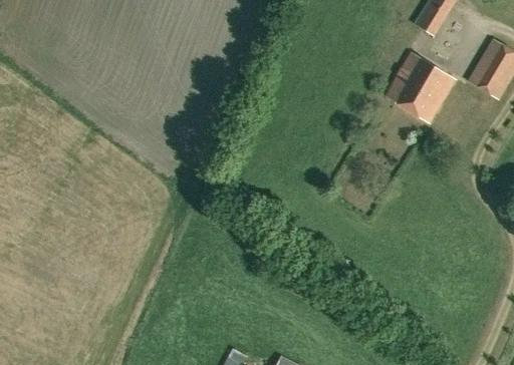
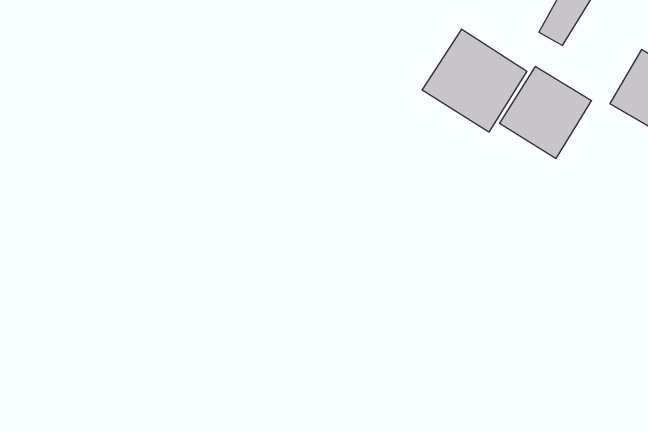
building: none -> [422,29,527,132]

